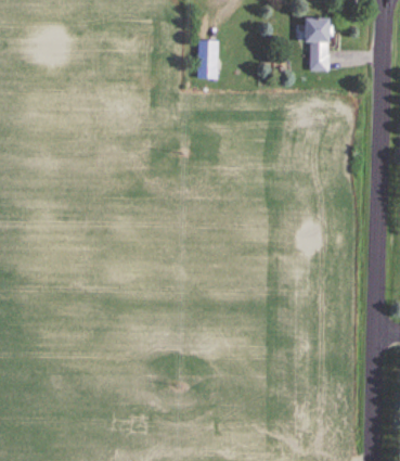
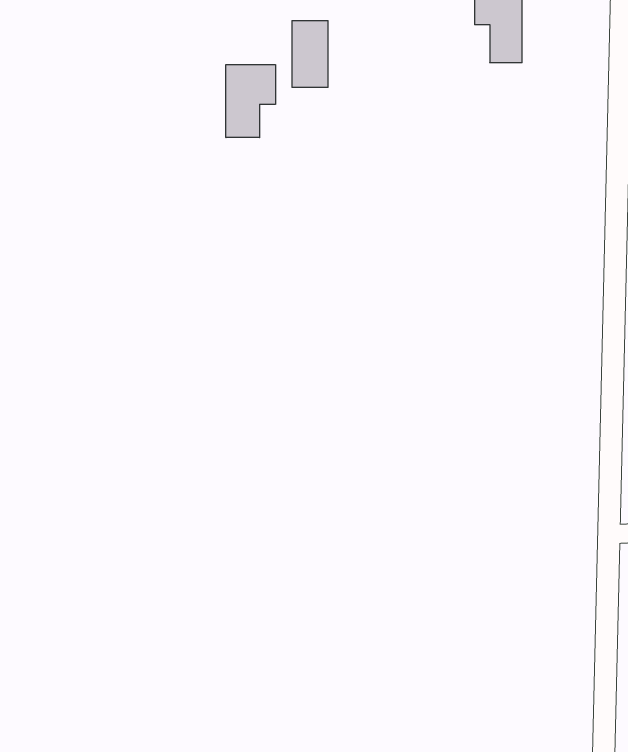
building: none -> [226,65,275,138]

